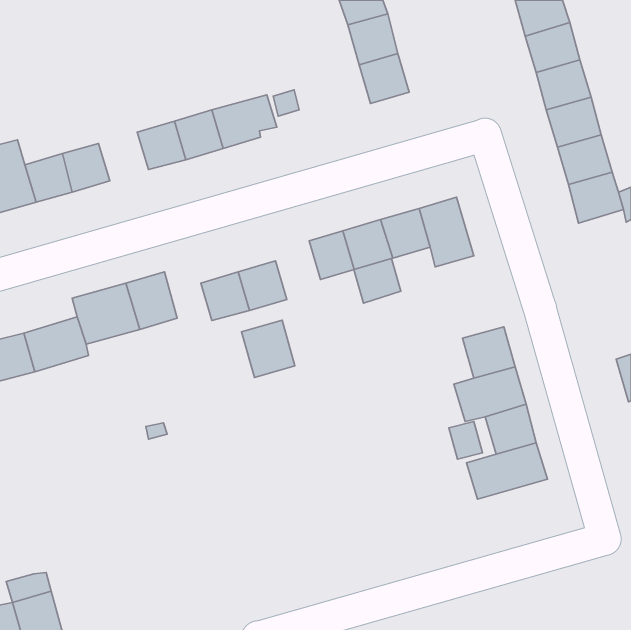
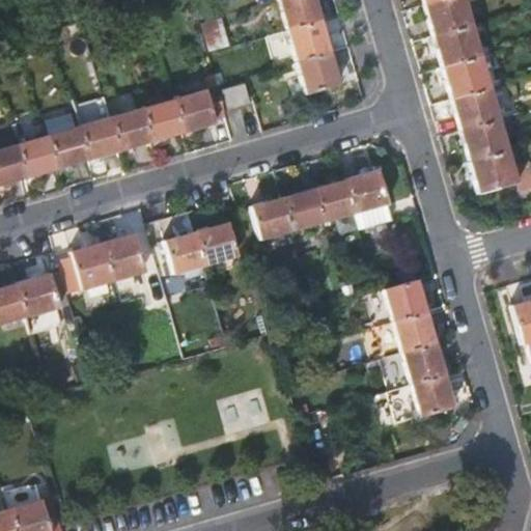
building: none -> [82,116,123,157]
building: [354,259,401,303] -> none
building: [241,320,295,378] -> none

